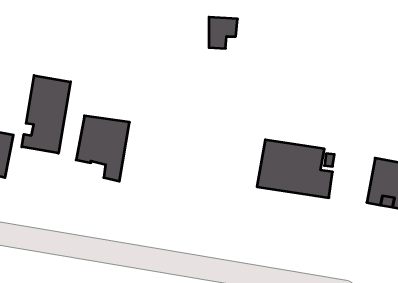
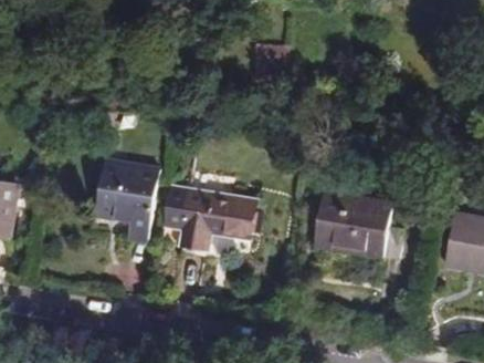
building: [22,75,71,153] -> none
building: none -> [179,188,254,249]

